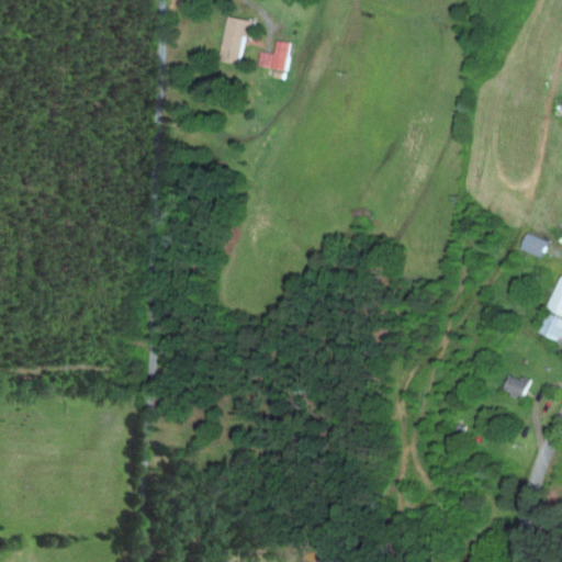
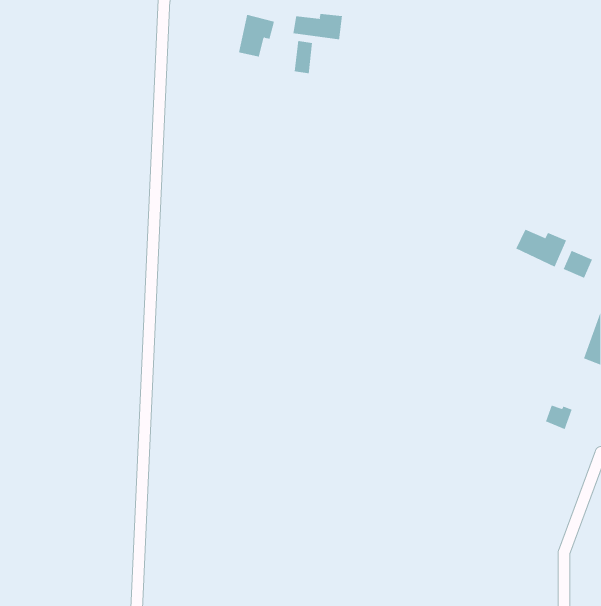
building: none -> [293,13,342,40]
building: none -> [515,229,567,268]

